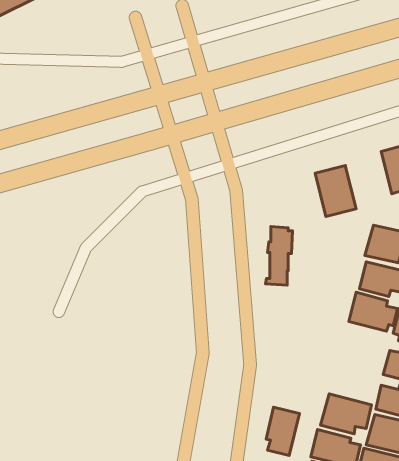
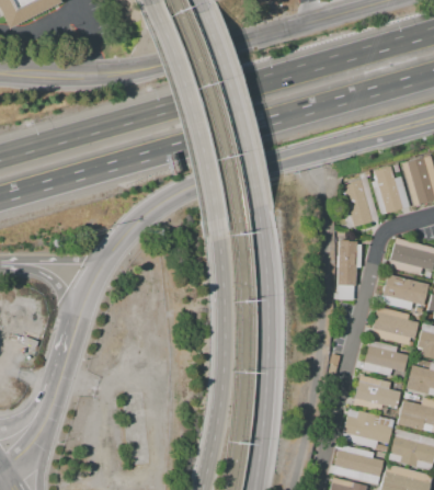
building: none -> [372,167,411,214]
building: [265,227,293,285] -> [333,240,361,299]
building: none -> [362,340,409,377]
building: none -> [352,375,400,413]
building: [266,407,299,456] -> none

